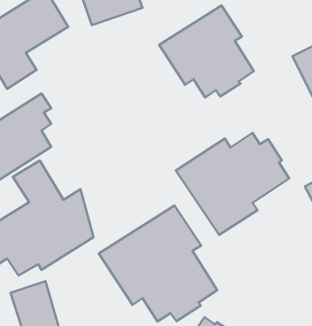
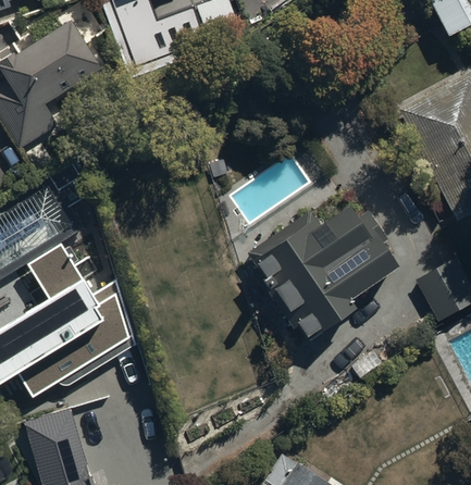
building: [159,6,254,97] -> none
building: [99,206,217,322] -> none

